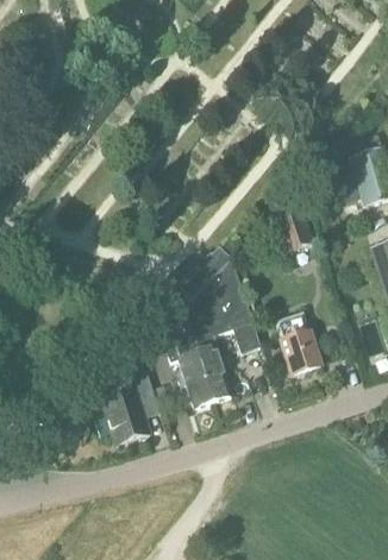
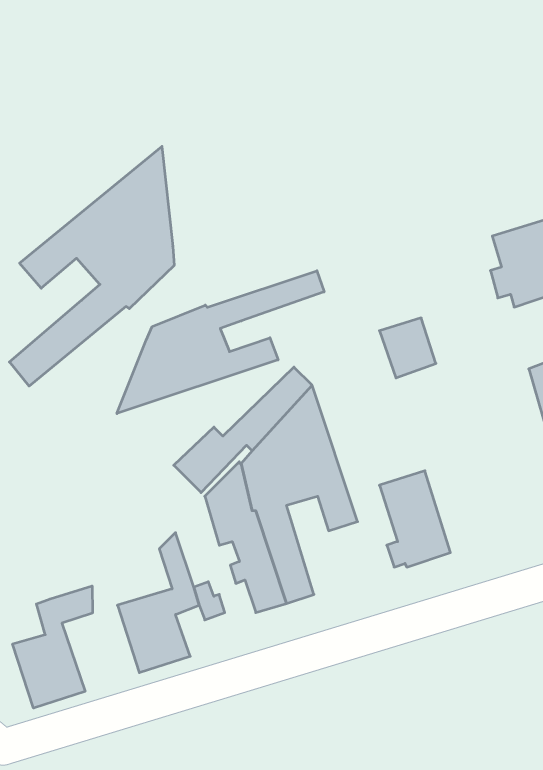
building: none -> [9,146,174,386]
building: none -> [117,271,324,414]
building: none -> [13,586,92,708]

